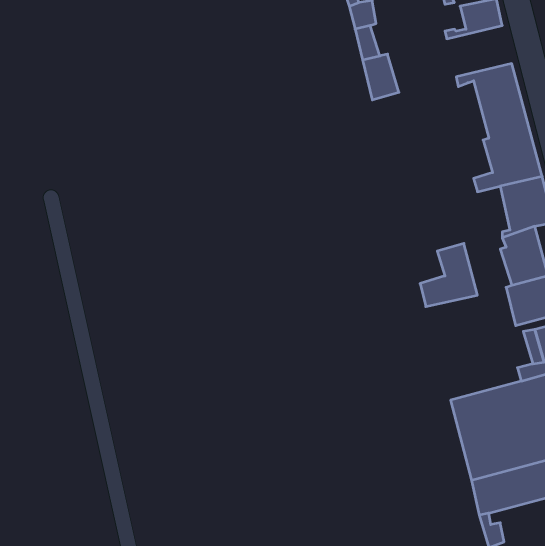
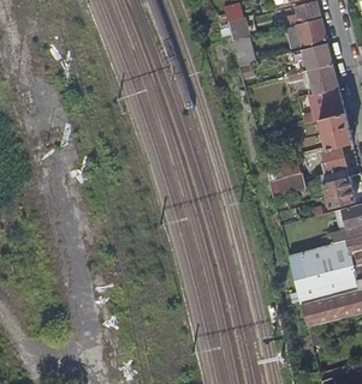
building: none -> [285,18,326,48]

